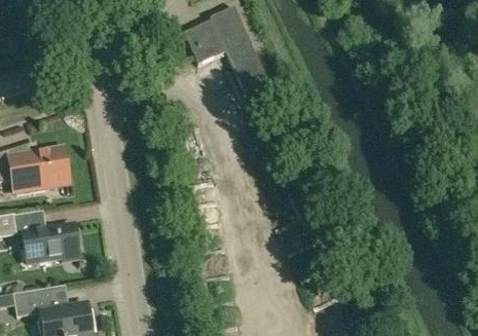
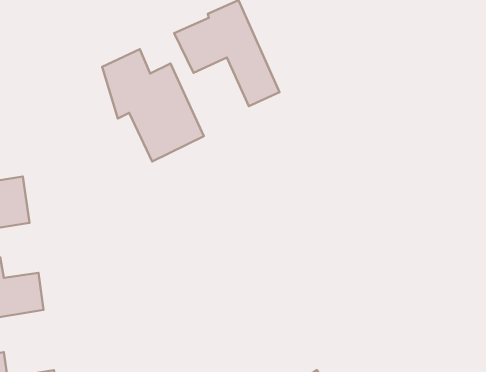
building: none -> [102,49,204,161]

